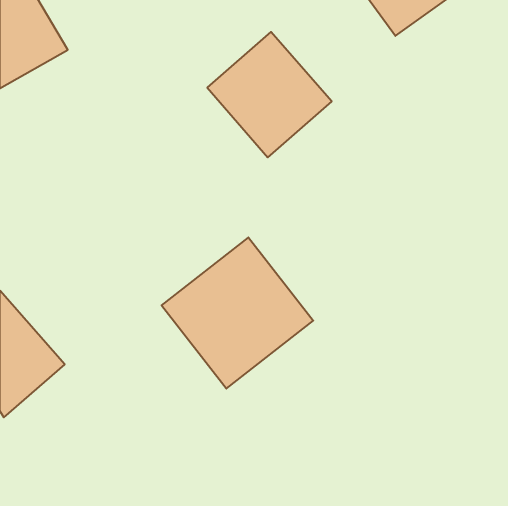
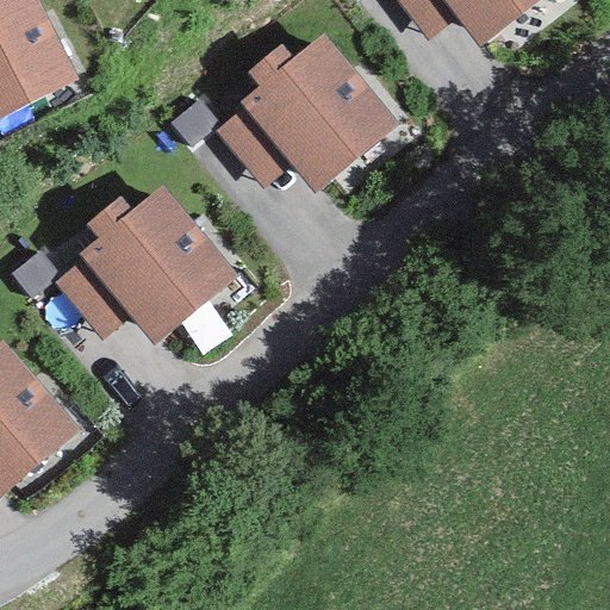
building: none -> [75,182,232,344]
building: [162,237,313,389] -> none

